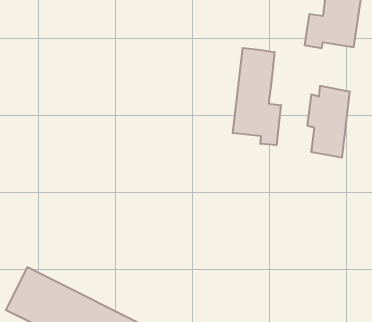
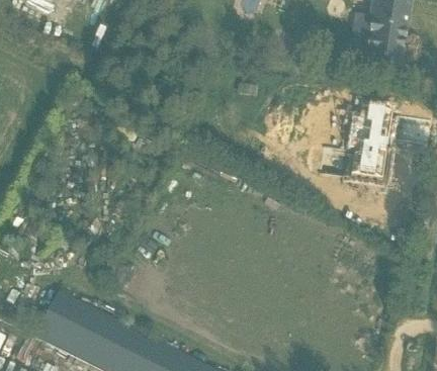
building: [233,48,281,145] -> none

